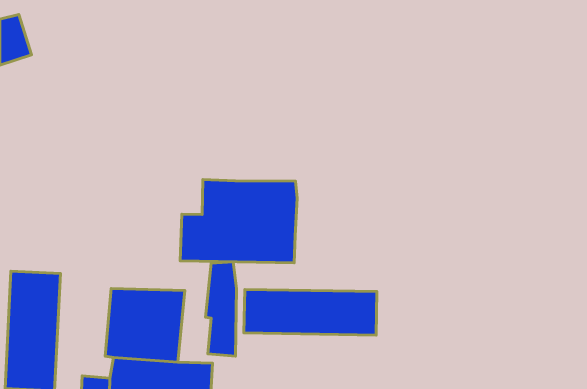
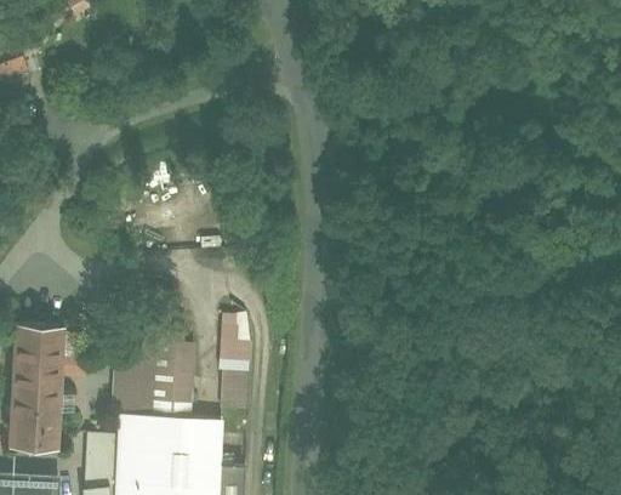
building: [180,180,297,263] -> none
building: [244,289,377,335] -> none

